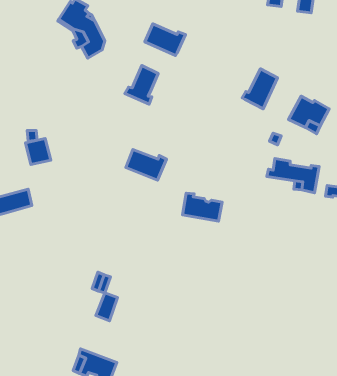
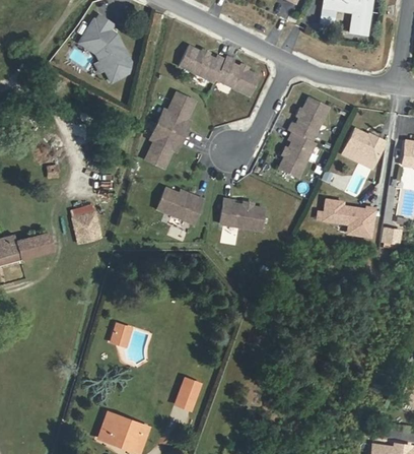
building: none -> [215,55,259,94]
building: none -> [145,124,184,168]
building: none -> [278,131,315,177]
building: [25,138,51,165] -> [72,213,100,243]
building: [182,193,222,221] -> [219,198,264,230]
building: [96,293,118,321] -> [175,378,199,409]

